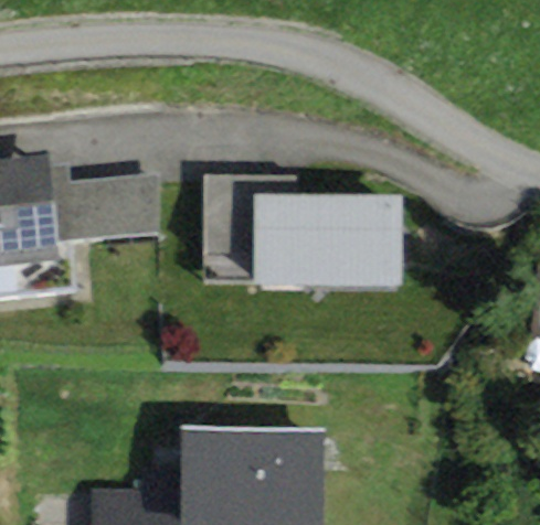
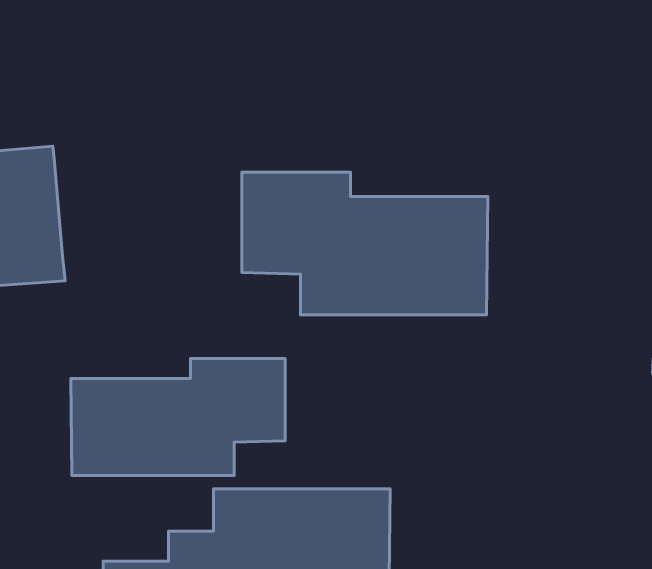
building: [51,162,160,244] -> none
building: none -> [71,358,285,475]

